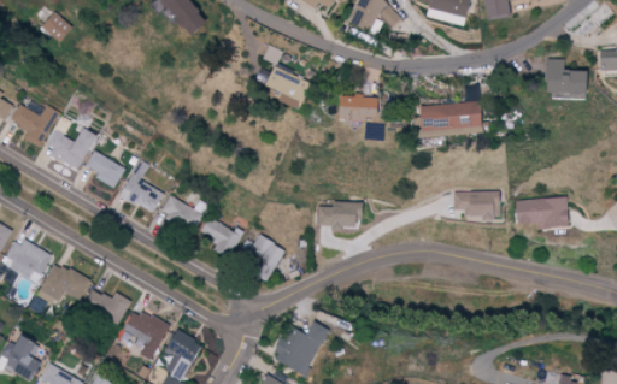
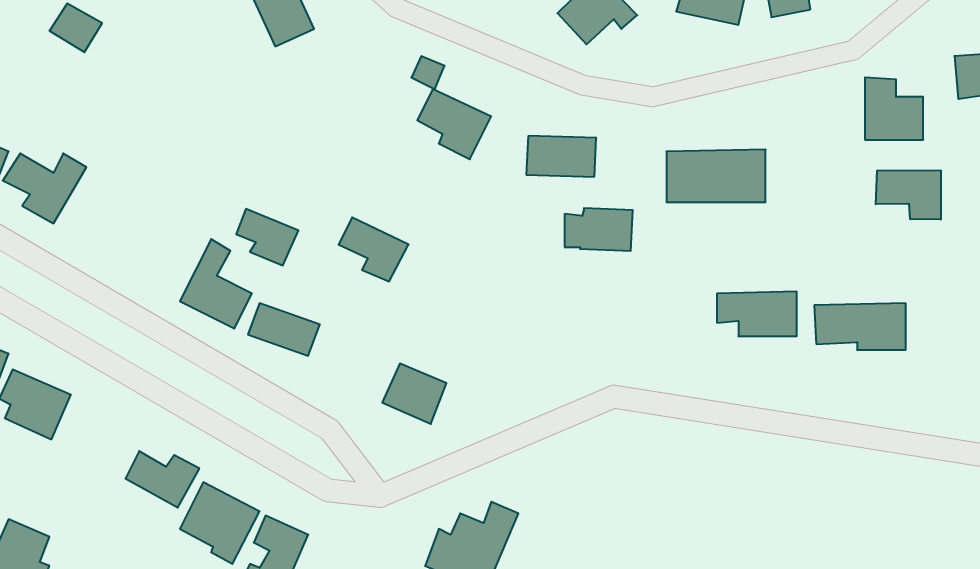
building: none -> [876,170,941,220]
building: [47,129,95,169] -> none
building: [88,152,127,187] -> [236,209,298,265]
building: [318,201,360,228] -> [565,208,633,251]
building: [201,217,245,256] -> [339,217,409,282]
building: [39,261,90,305] -> none

